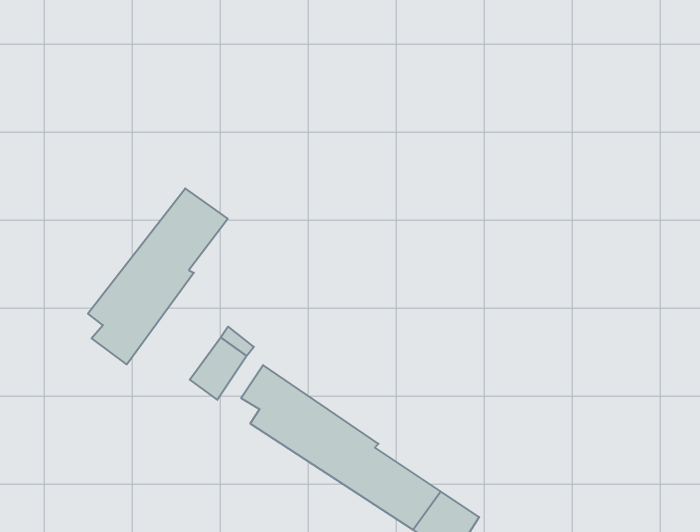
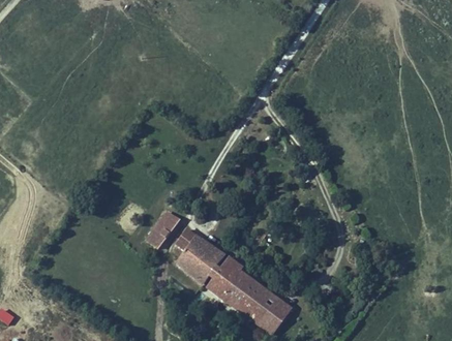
building: [88,188,228,364] -> none

